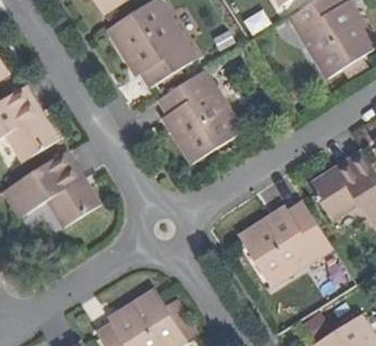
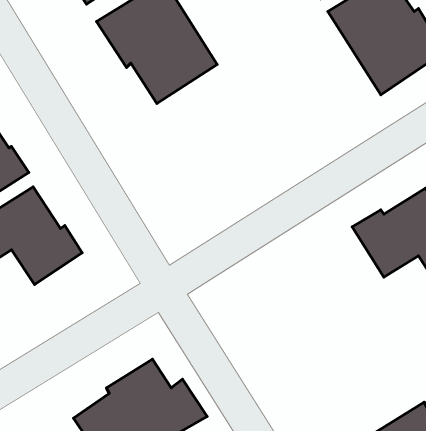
building: [158,69,244,166] -> none
building: [237,198,330,283] -> none

